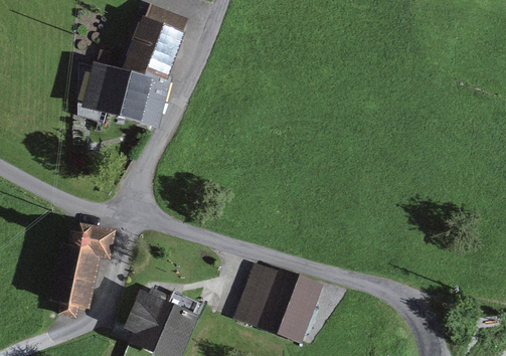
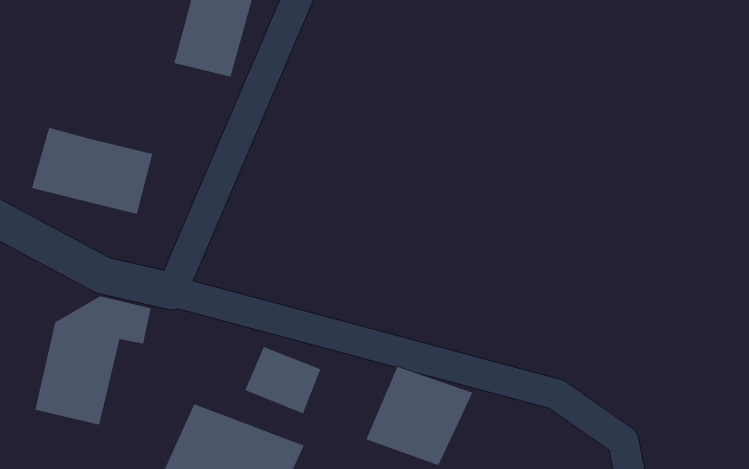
building: [87,63,165,120] -> [31,127,153,215]
building: none -> [245,346,321,414]

